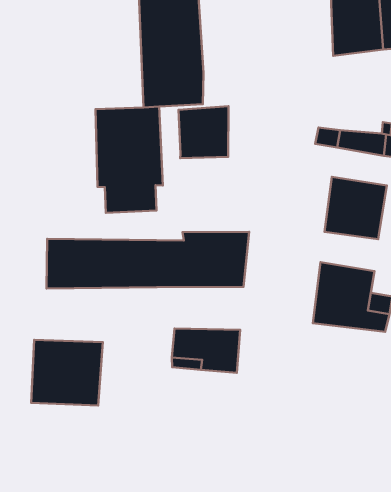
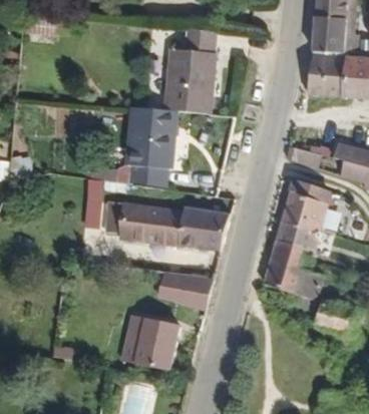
building: [178,106,229,158] -> none
building: none -> [275,219,318,252]
building: [31,340,103,405] -> [121,316,178,369]

